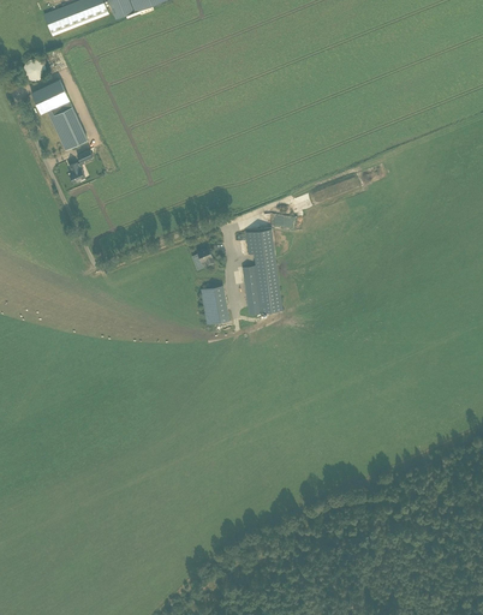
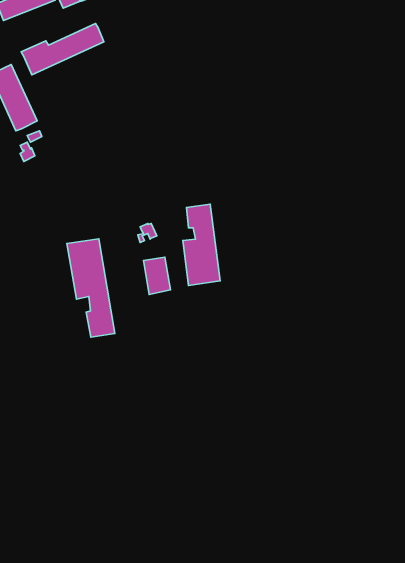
building: none -> [21,23,104,75]
building: none -> [67,239,115,337]

